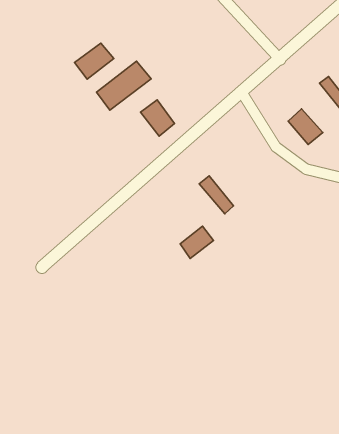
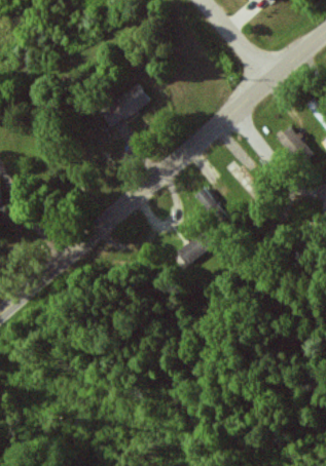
building: [74,43,114,79] -> none
building: [141,100,174,136] -> none

